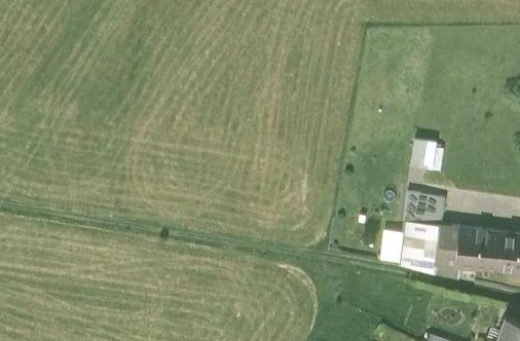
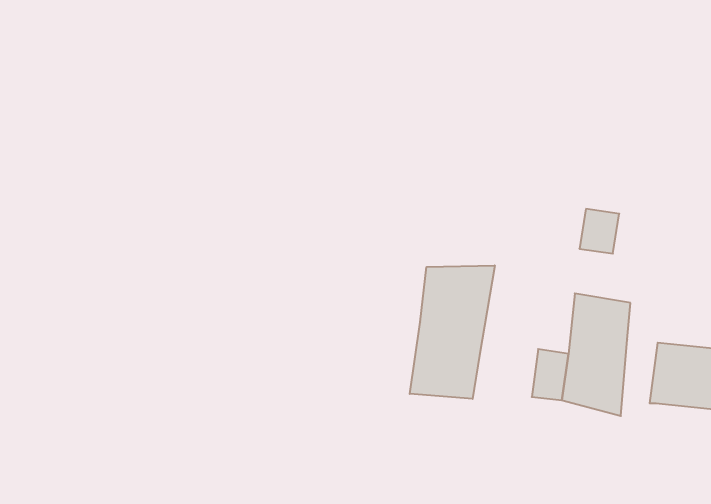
building: none -> [410,265,495,399]
building: [438,224,461,277] -> none

